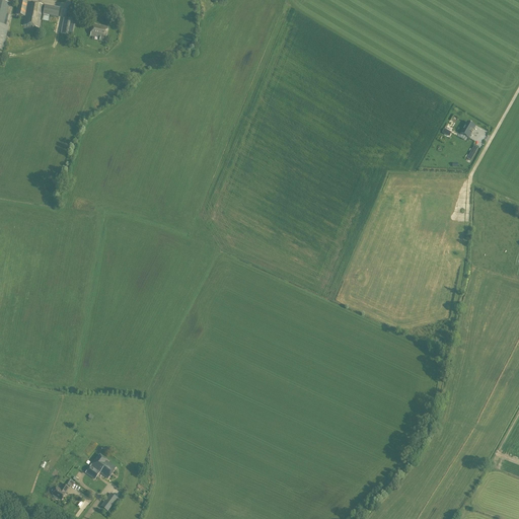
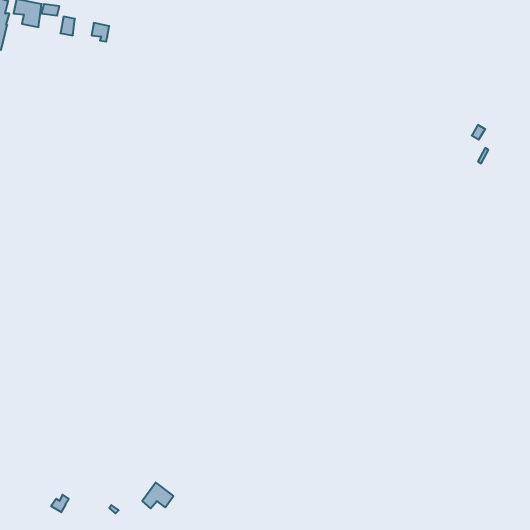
building: [84,452,115,477] -> [142,482,173,508]

